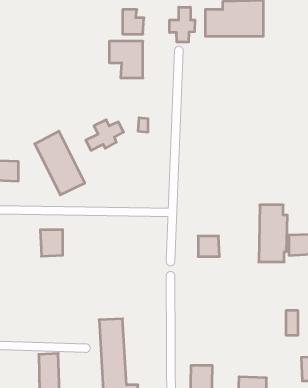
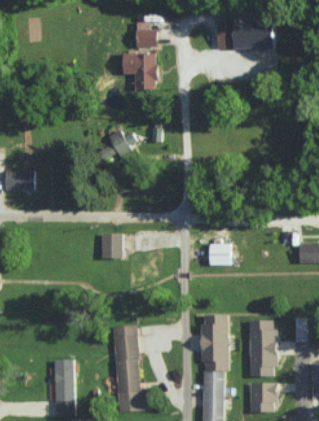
building: [170,7,195,42] -> none
building: [35,131,85,195] -> none
building: [259,205,287,262] -> [249,320,277,376]
building: [40,230,63,256] -> [100,233,122,259]
building: none -> [201,314,229,370]

